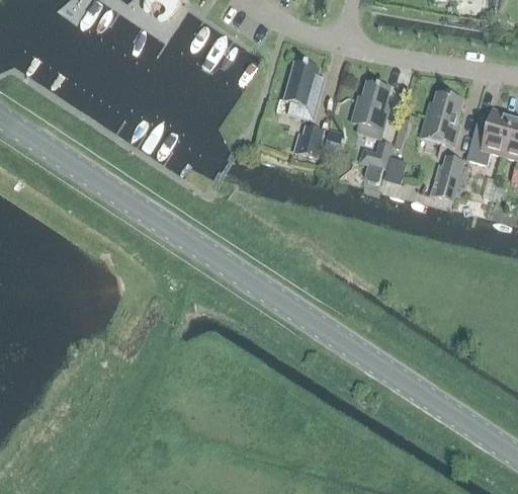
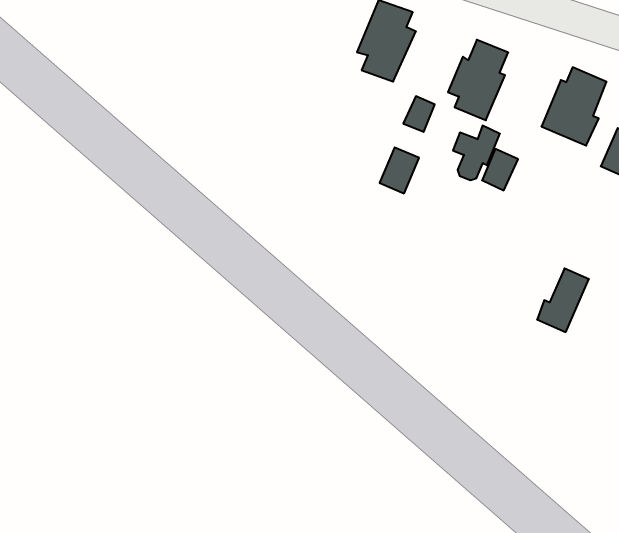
building: [297,125,323,156] -> [380,147,419,193]
building: [431,154,463,198] -> [537,268,589,332]

